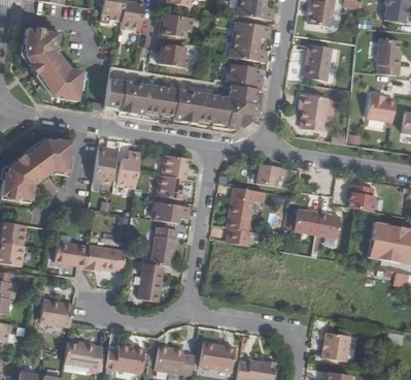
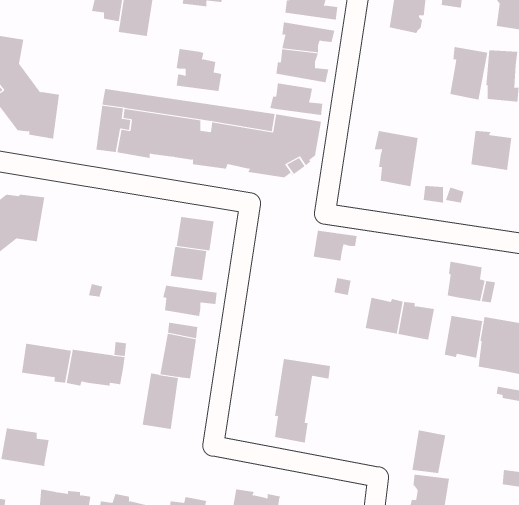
building: [161,12,196,39] -> none
building: [305,44,332,82] -> [449,47,488,100]
building: [93,145,114,183] -> none
building: [117,150,140,188] -> none
building: [226,189,265,248] -> [274,358,331,443]
building: none -> [444,315,483,359]
building: none -> [412,430,446,474]

